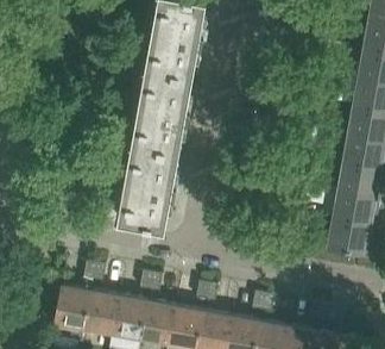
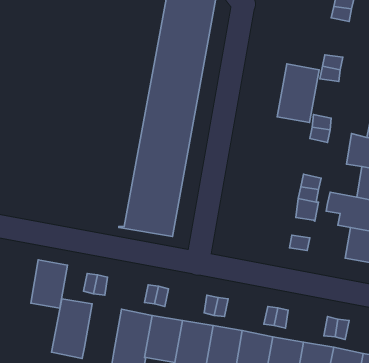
building: none -> [277,64,319,123]
building: [82,289,116,335] -> [31,260,68,308]

